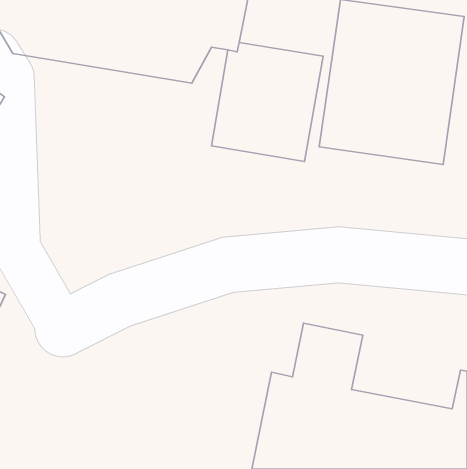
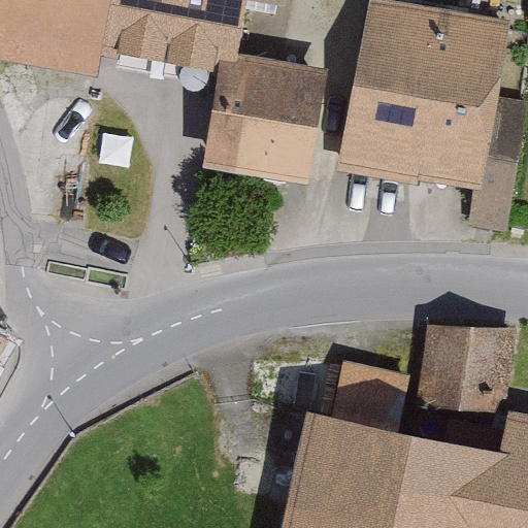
building: none -> [419,326,510,414]

